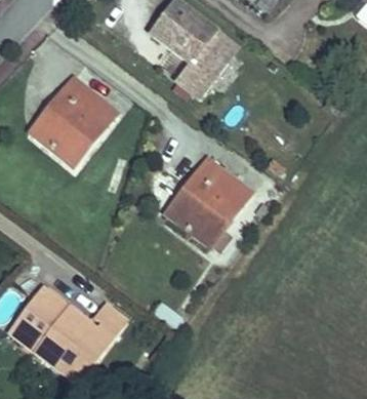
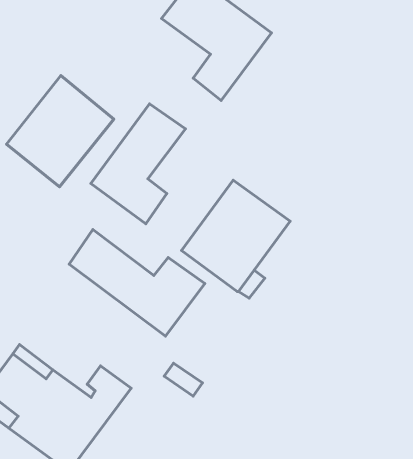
building: none -> [91,104,185,224]
building: none -> [69,230,205,336]

